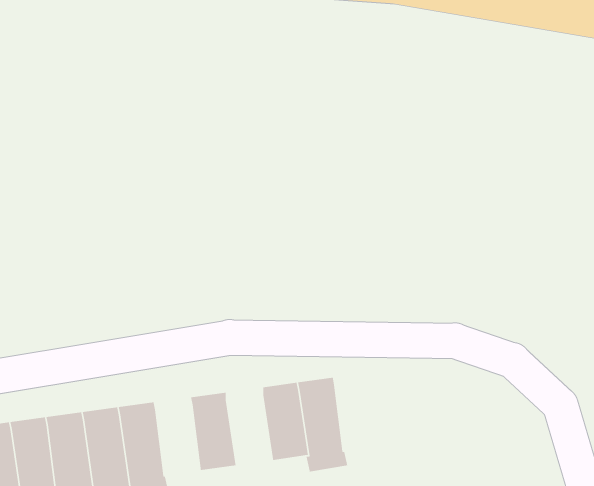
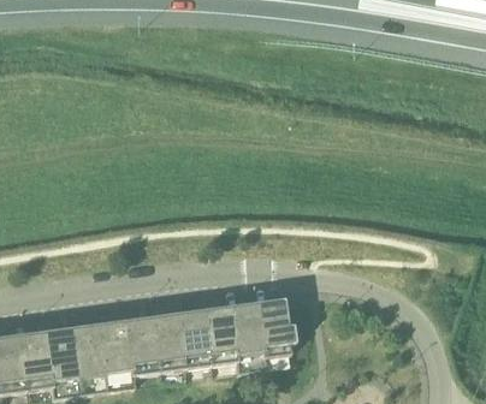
building: none -> [259,298,298,356]
building: none -> [180,309,214,367]
building: none -> [128,316,161,374]

